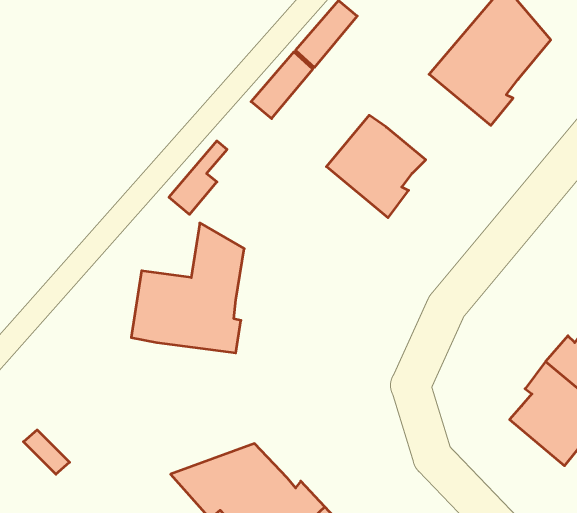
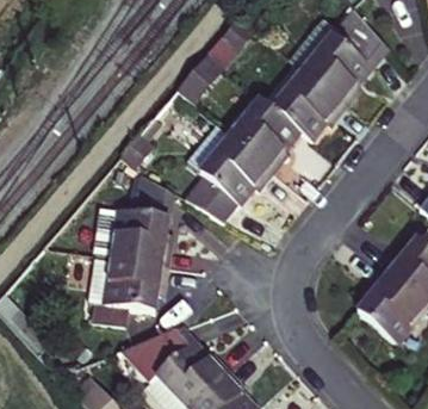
building: none -> [272,70,345,140]
building: none -> [185,124,273,222]
building: none -> [88,258,167,326]

